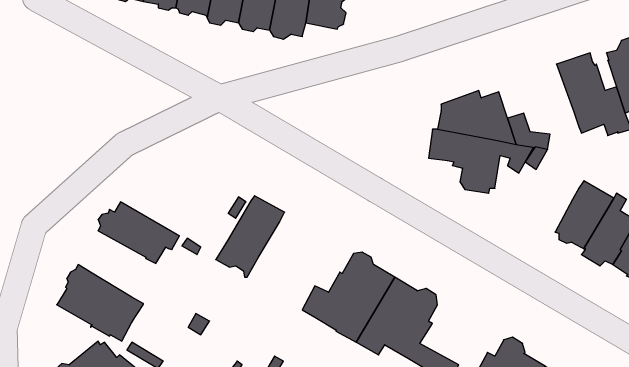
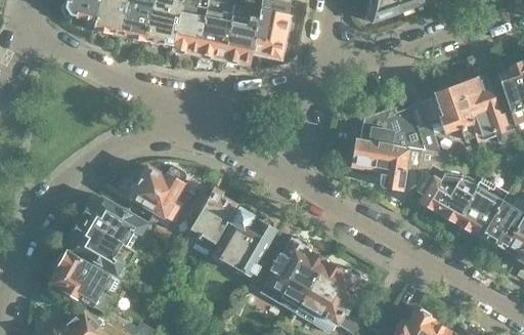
building: none -> [424,84,477,139]
building: none -> [131,165,187,229]
building: none -> [422,174,477,221]
building: none -> [213,207,277,276]
building: none -> [74,220,139,288]

